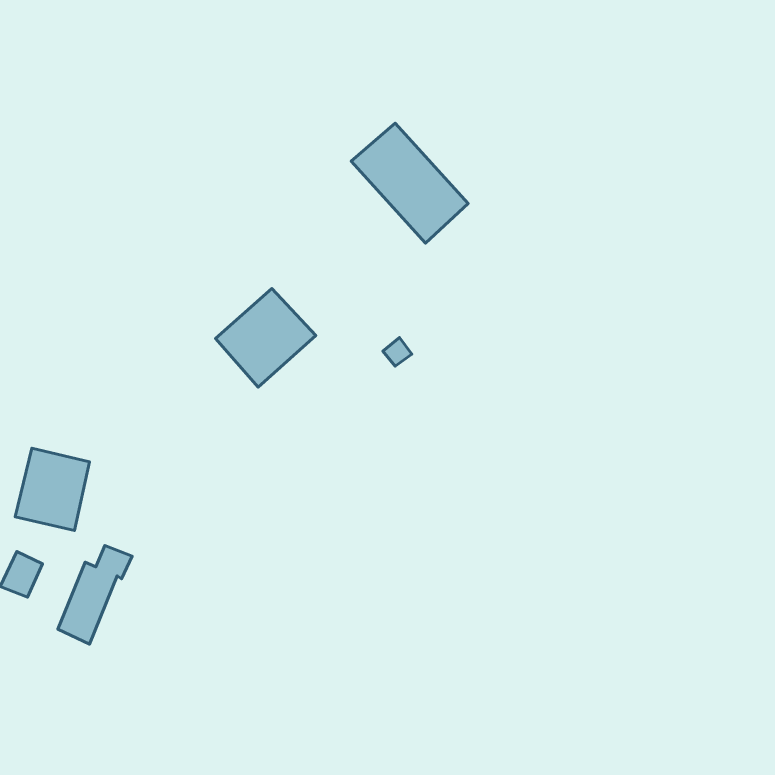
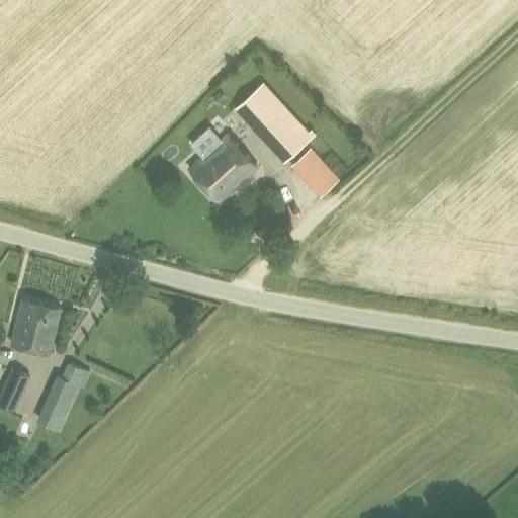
building: none -> [289,148,339,198]
building: [216,288,316,387] -> [189,136,256,201]

